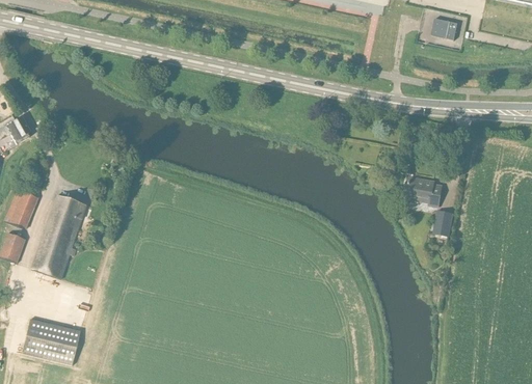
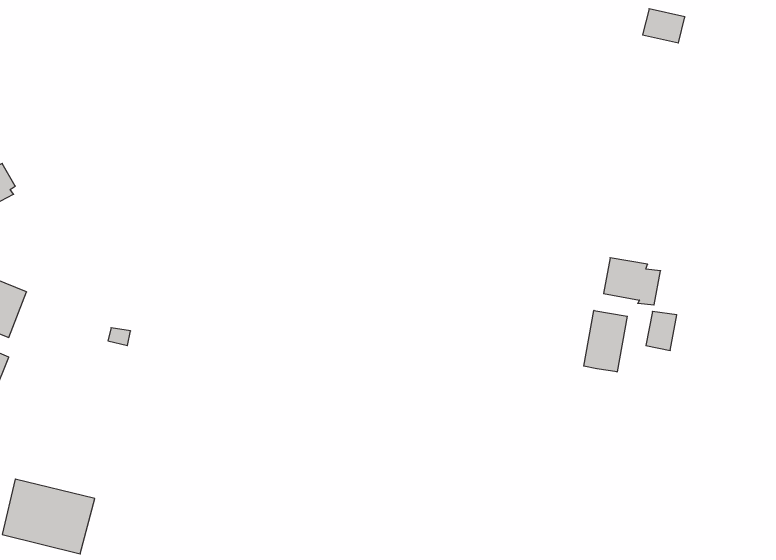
building: [30,193,86,278] -> none
building: none -> [584,310,627,372]

